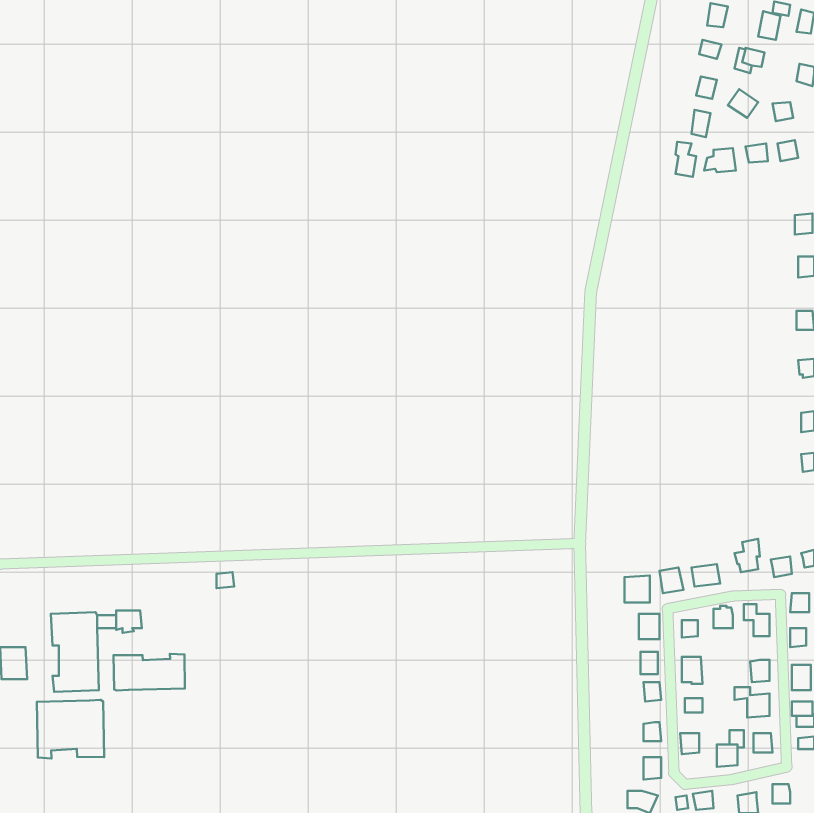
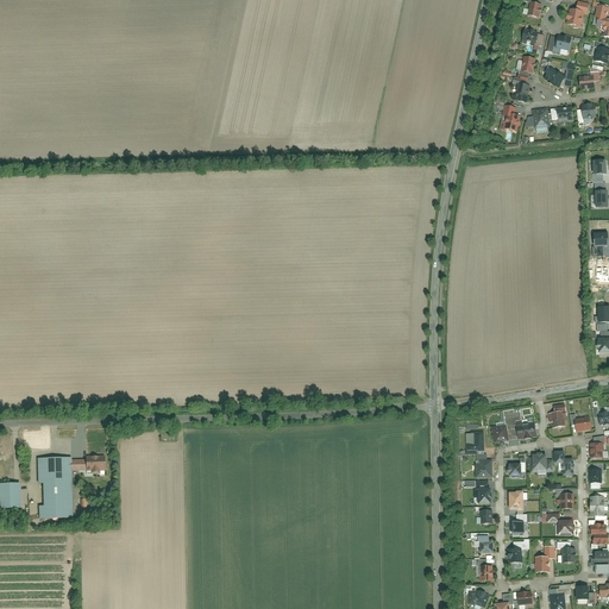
building: [114,654,185,690] -> none
building: [37,700,104,759] -> none

